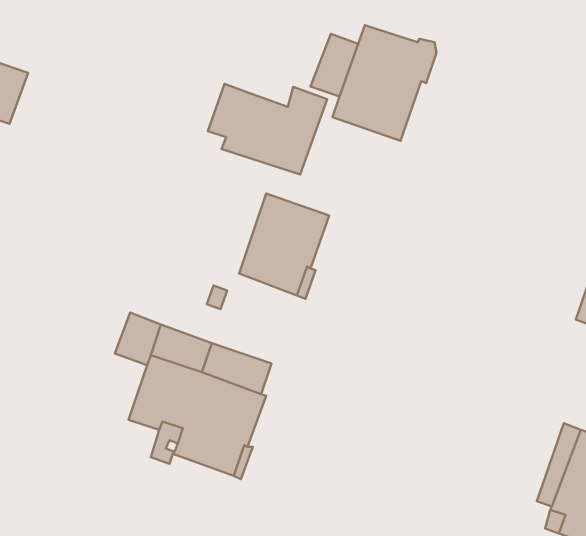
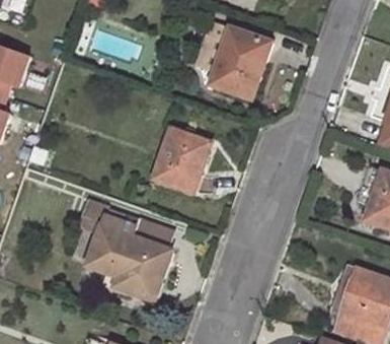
building: [208,84,327,175] -> none

